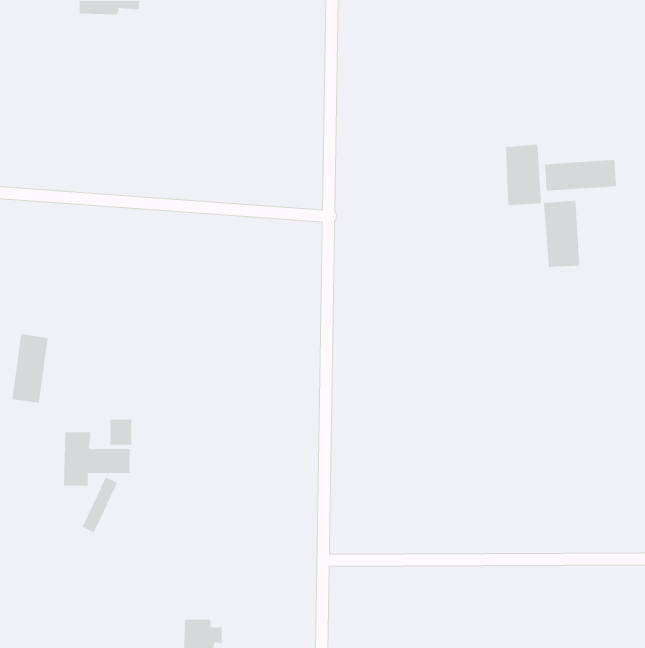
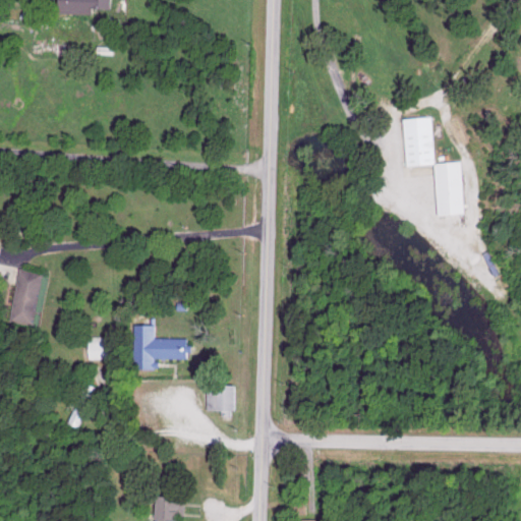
building: [544,159,617,191] -> none
building: [63,432,131,486] -> [133,326,187,369]
building: none -> [207,386,234,411]

